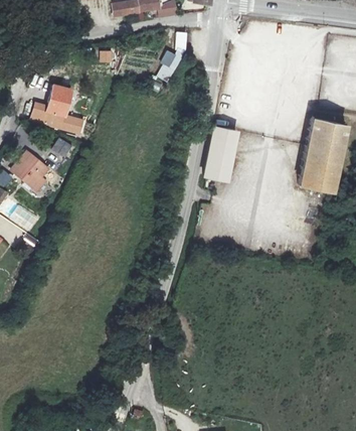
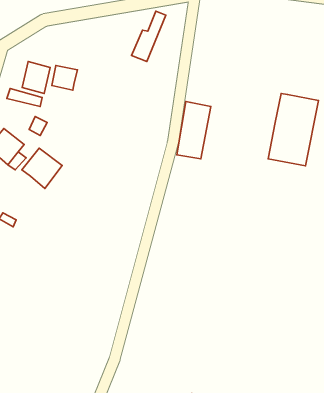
building: none -> [52,65,78,90]
building: none -> [22,148,62,188]

